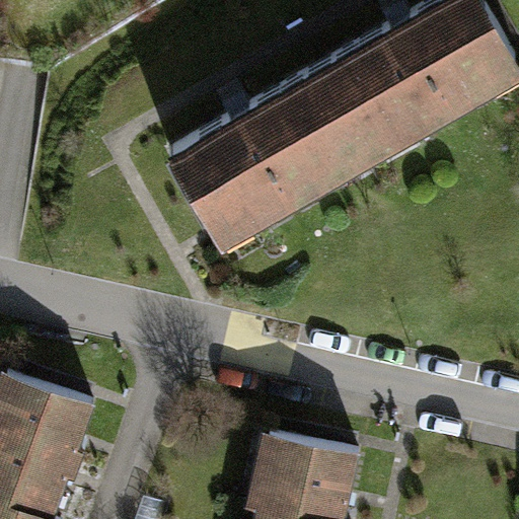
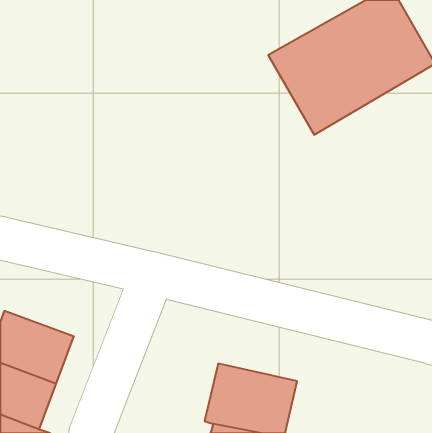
building: [166,66,377,250] -> none

